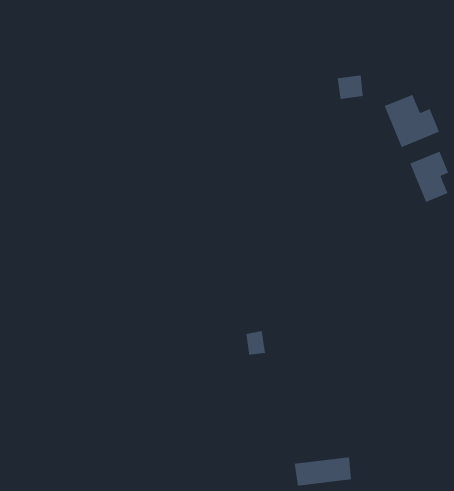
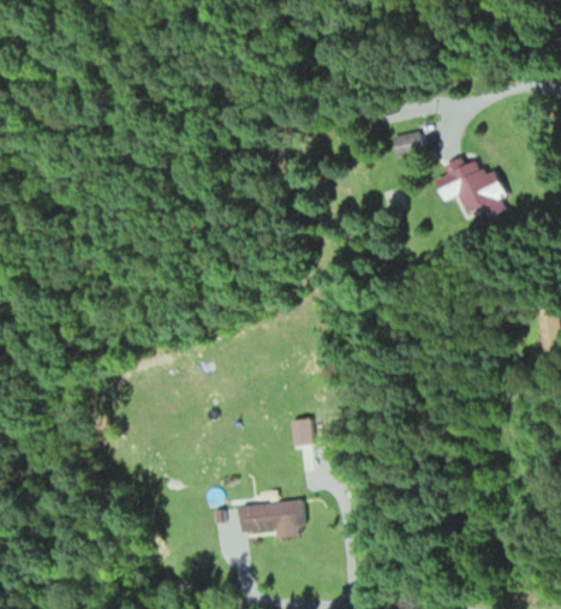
building: [409,151,449,203] -> none
building: [294,457,352,486] -> [239,500,304,532]

